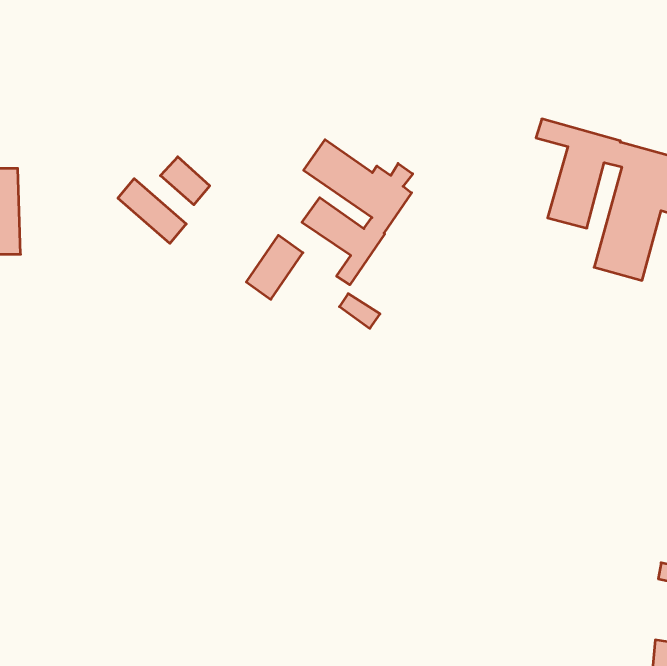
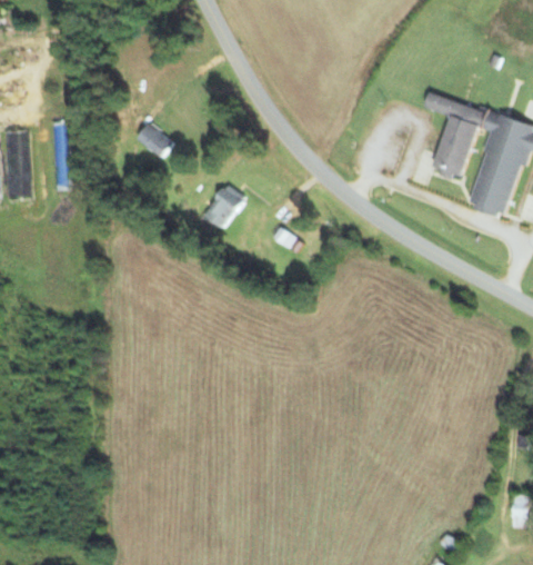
building: [302,140,413,285] -> none
building: [118,179,186,243] -> none

